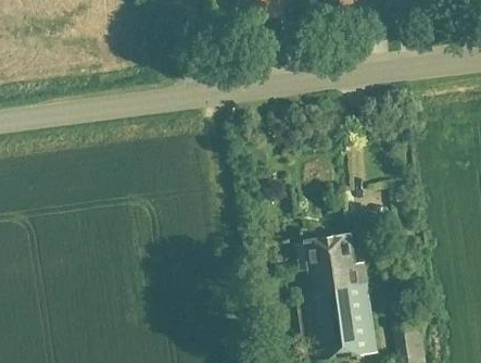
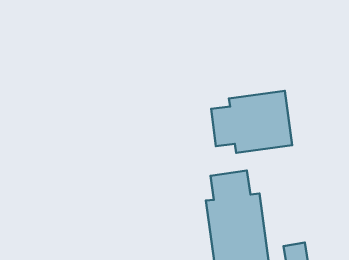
building: none -> [211,91,292,153]

